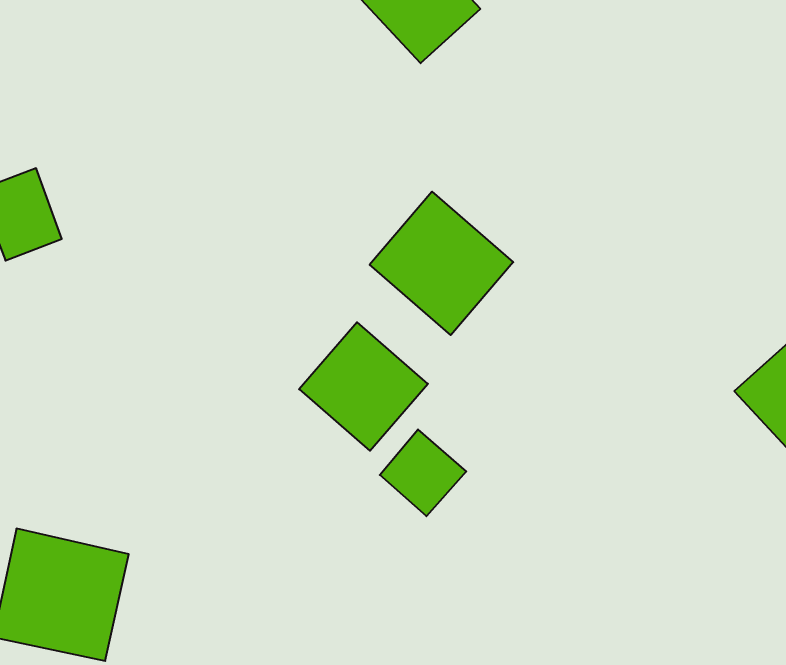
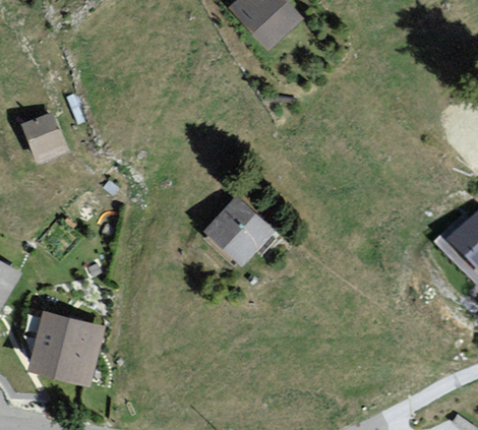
building: [370,192,513,335] -> none
building: [380,429,466,516] -> none

